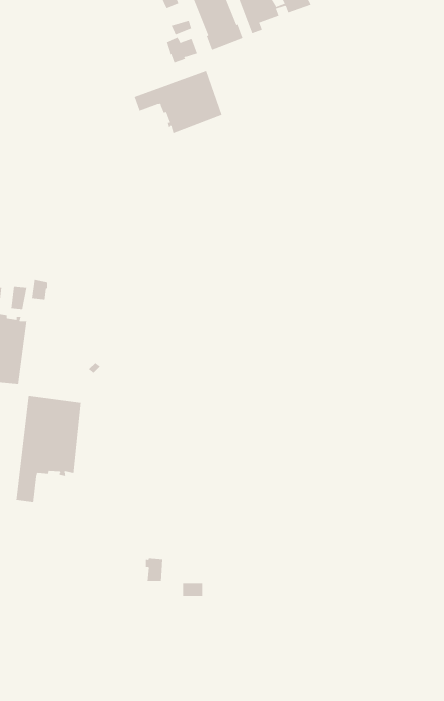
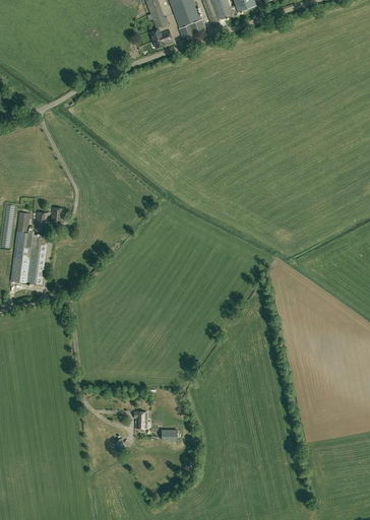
building: [134,70,222,134] -> none
building: [16,395,81,503] -> none

